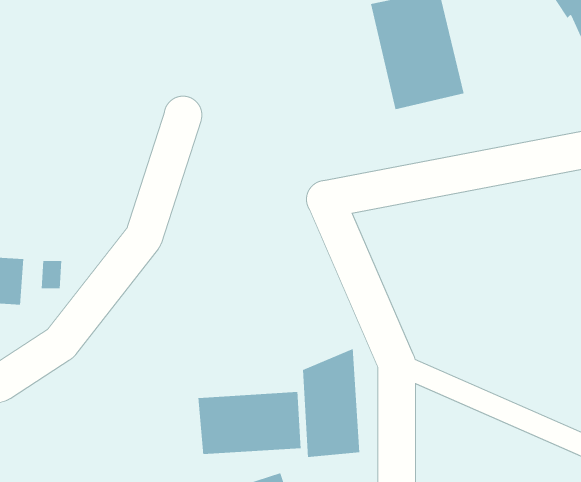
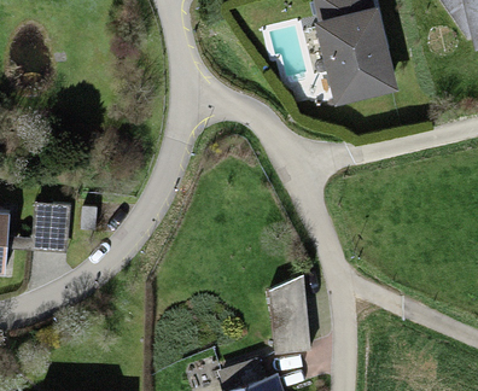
building: [198,391,301,455] -> none

